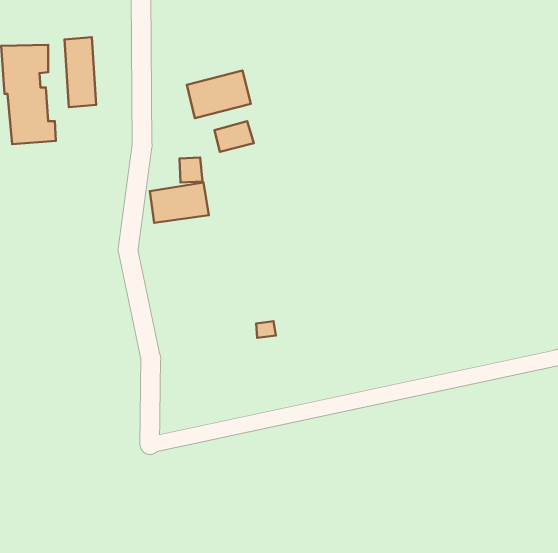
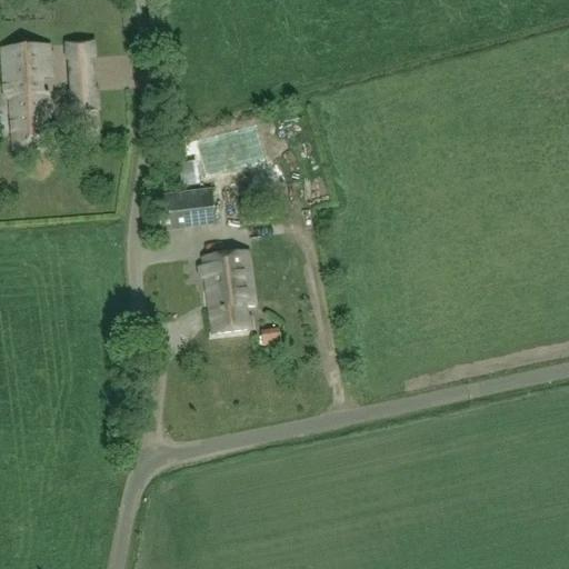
building: [187,70,251,118] -> none
building: none -> [197,247,253,331]

